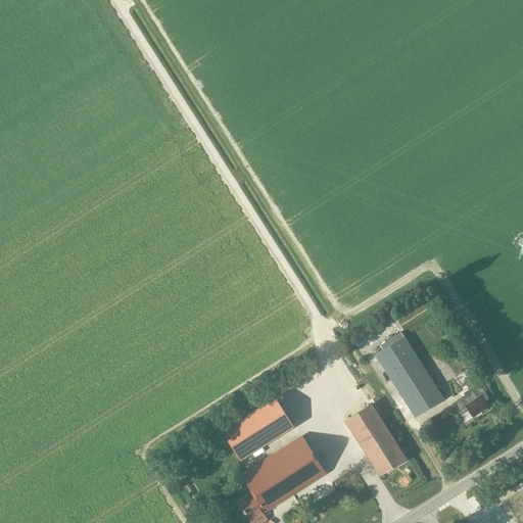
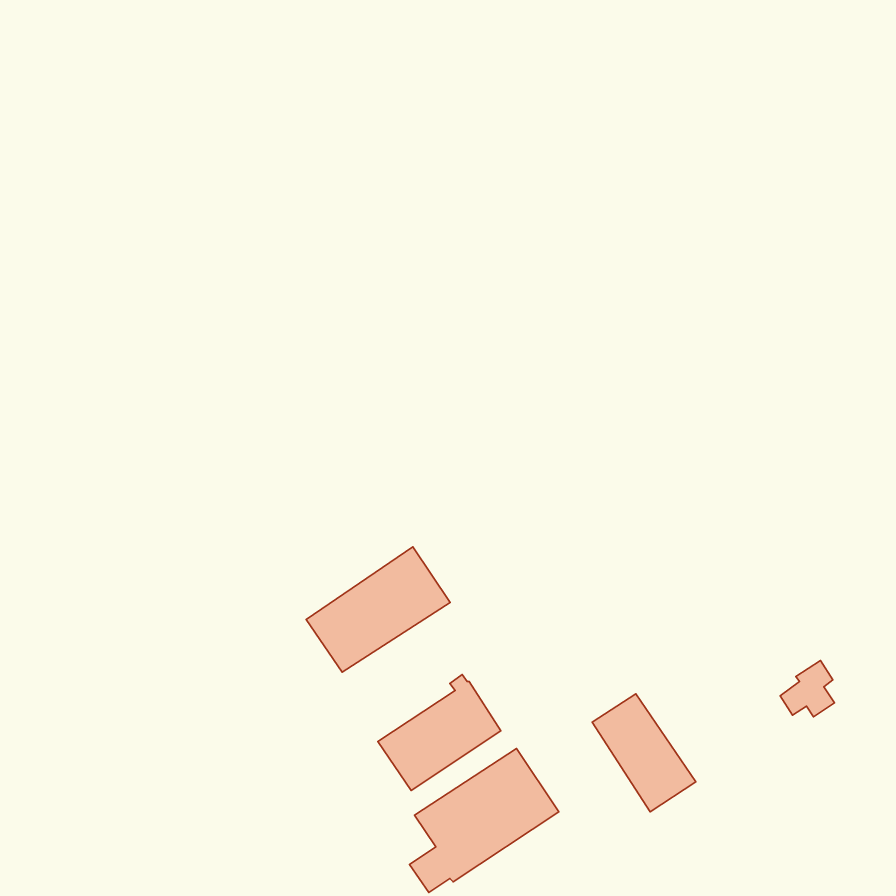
building: [370,316,443,418] -> none
building: none -> [306,547,450,672]

